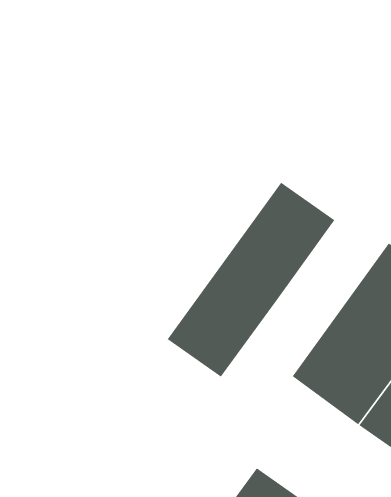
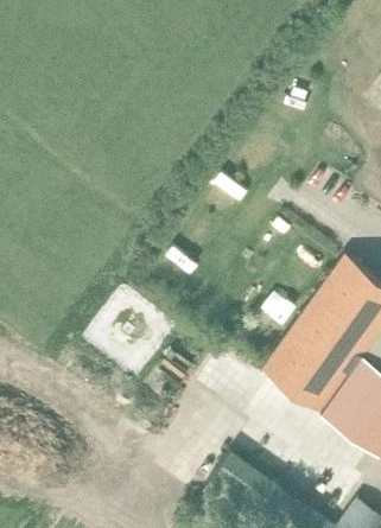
building: [167,182,335,378] -> none

